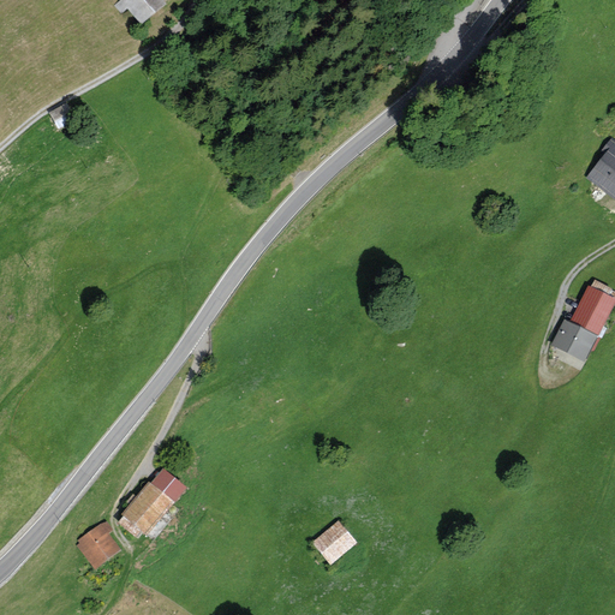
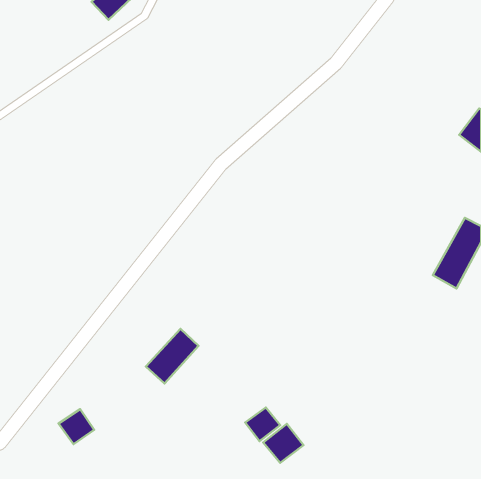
building: [119,467,186,537] -> [146,329,199,384]
building: none -> [263,424,303,463]

